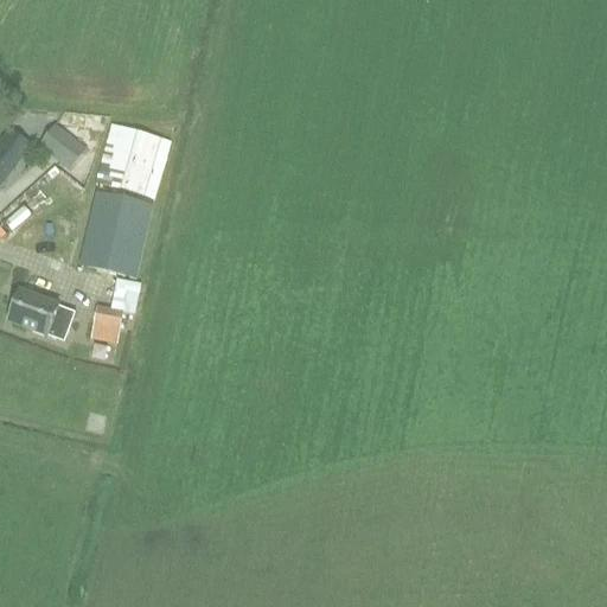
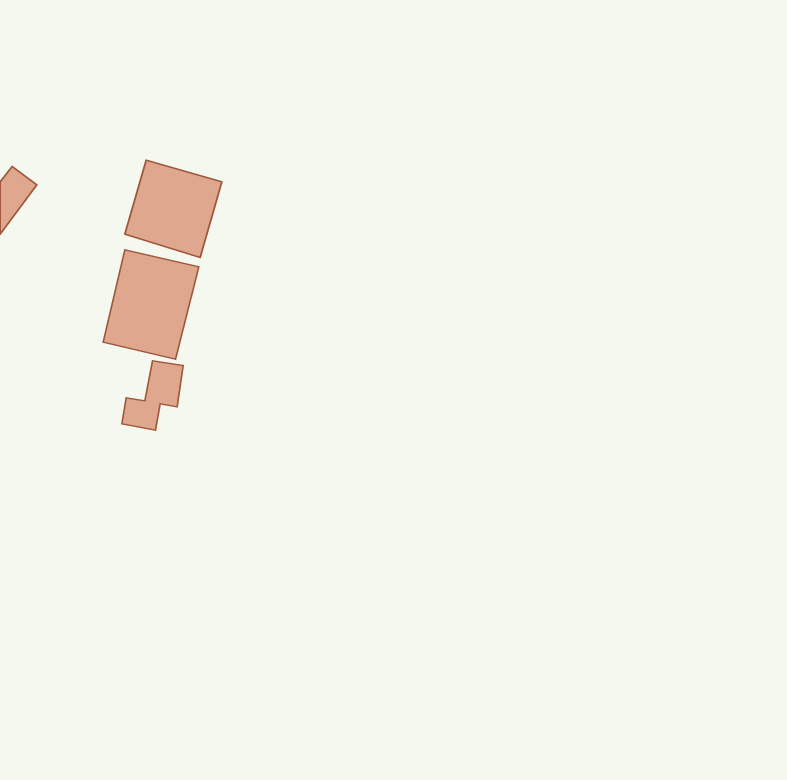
building: [38,122,87,167] -> none
building: [7,288,76,340] -> none

